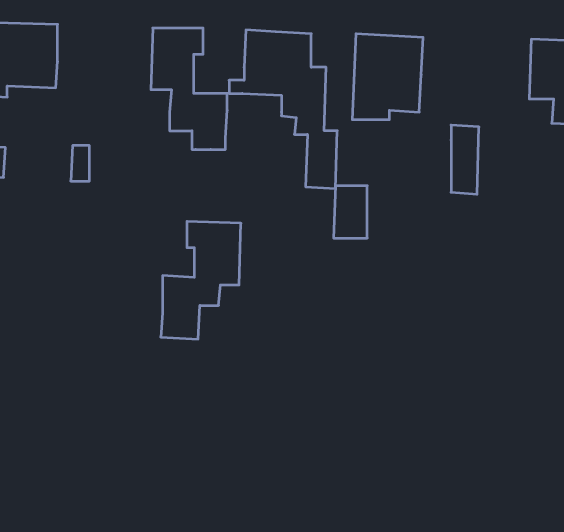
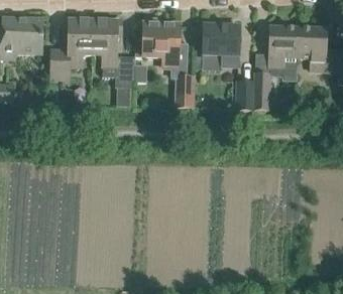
building: none -> [268,25,299,70]
building: [334,186,367,238] -> [237,81,255,109]
building: [161,221,241,339] -> [50,19,94,83]

